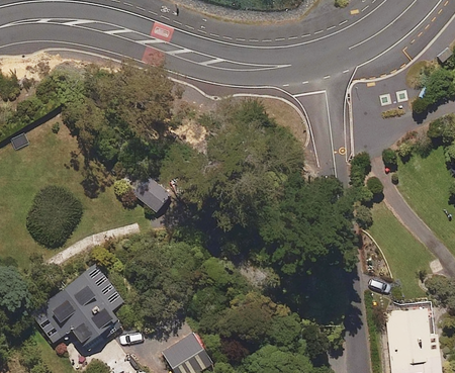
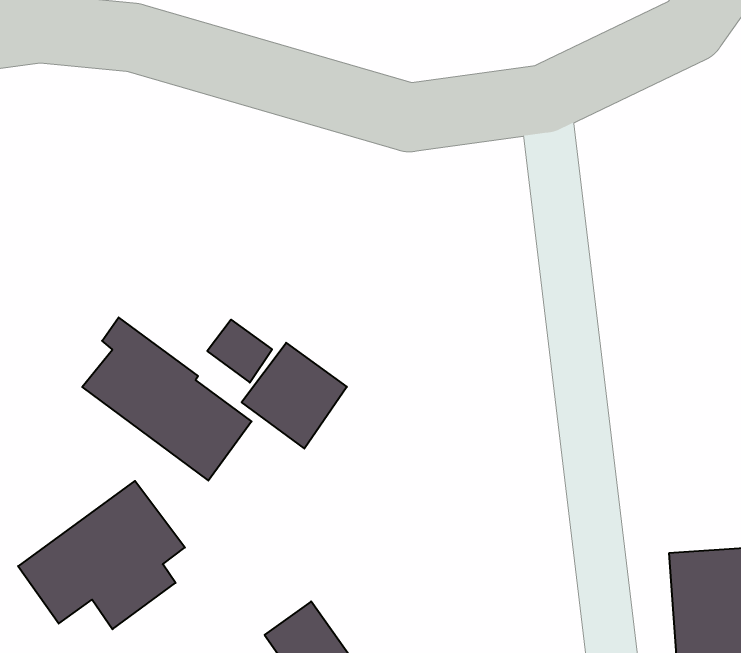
building: none -> [82,317,252,481]
building: none -> [242,343,347,449]

